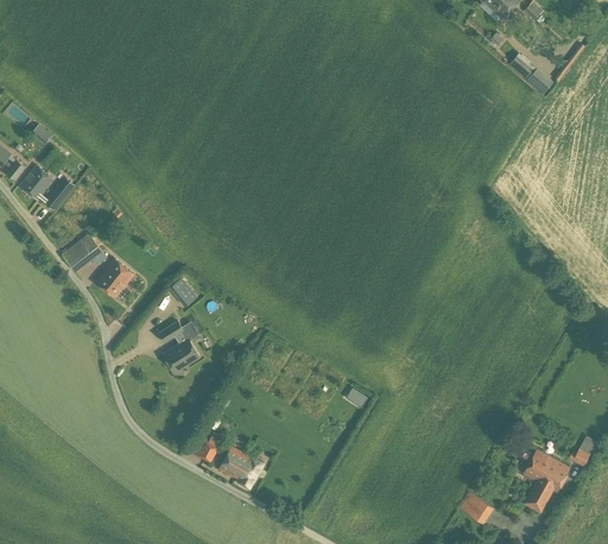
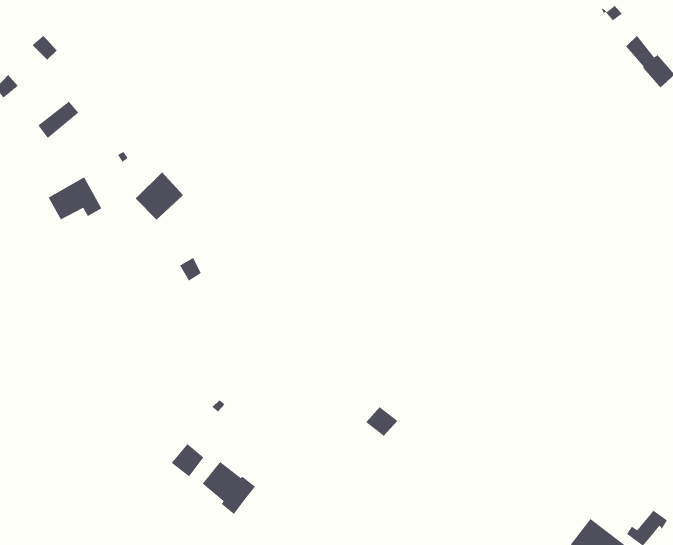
building: [20,165,53,200] -> none
building: [95,258,134,298] -> [135,171,184,221]
building: [158,322,200,373] -> none

